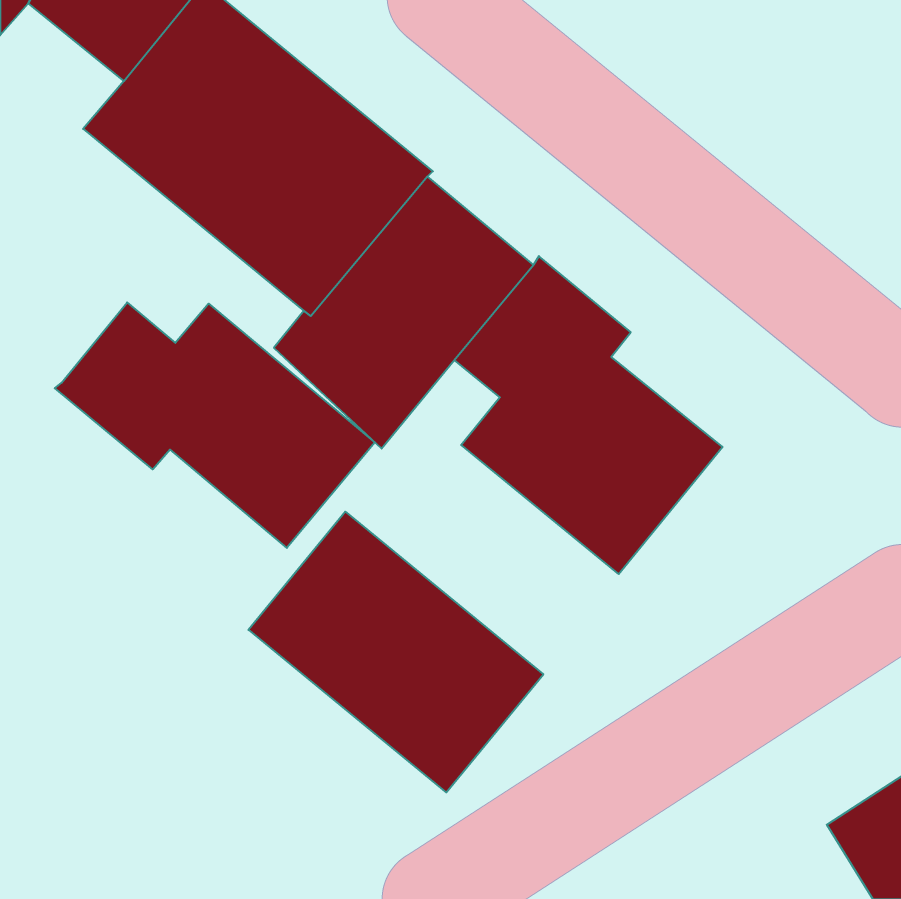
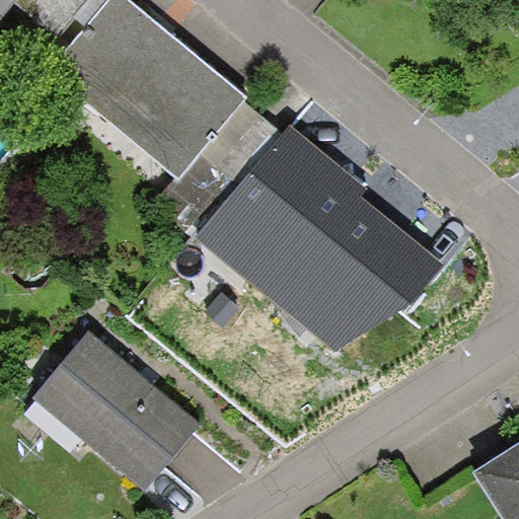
building: [55,302,375,548] -> none
building: [248,512,543,792] -> [33,331,203,493]

